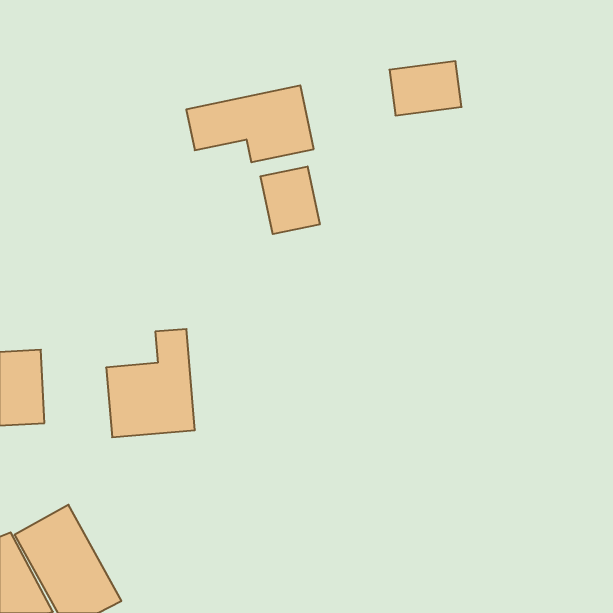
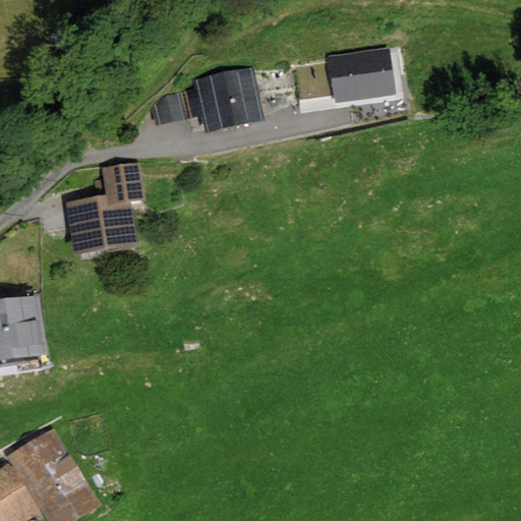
building: [260,166,320,234] -> none
building: [106,329,195,437] -> [60,161,135,252]

